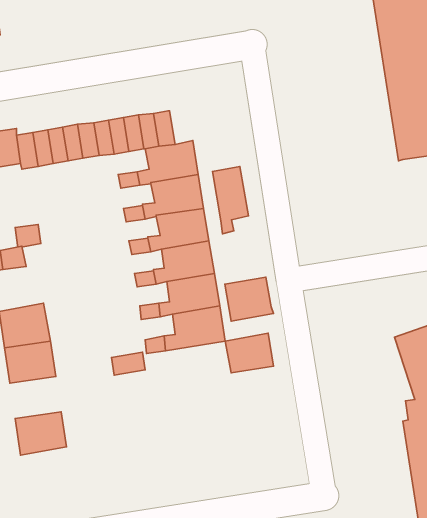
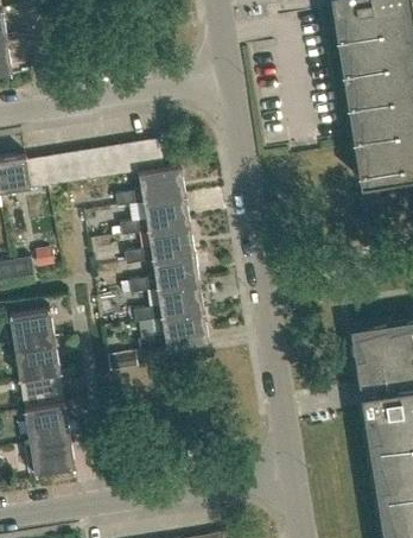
building: [212,167,248,234] -> none
building: [225,277,274,321] -> none
building: [225,333,274,373] -> none
building: none -> [19,372,64,409]
building: none -> [24,433,74,474]

